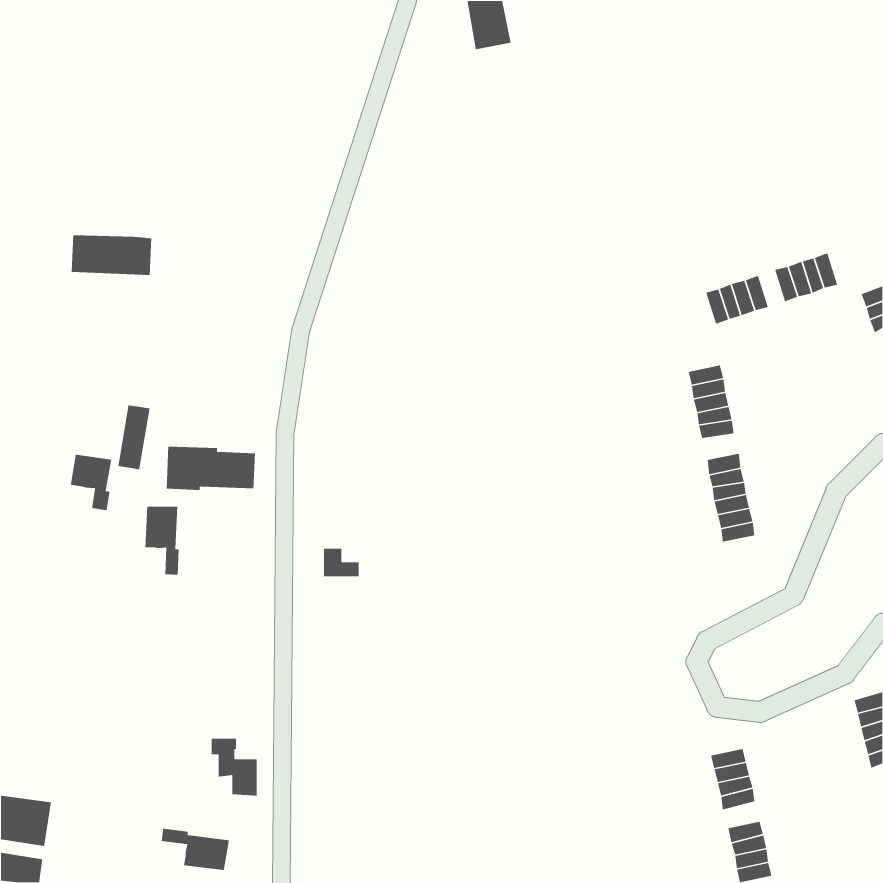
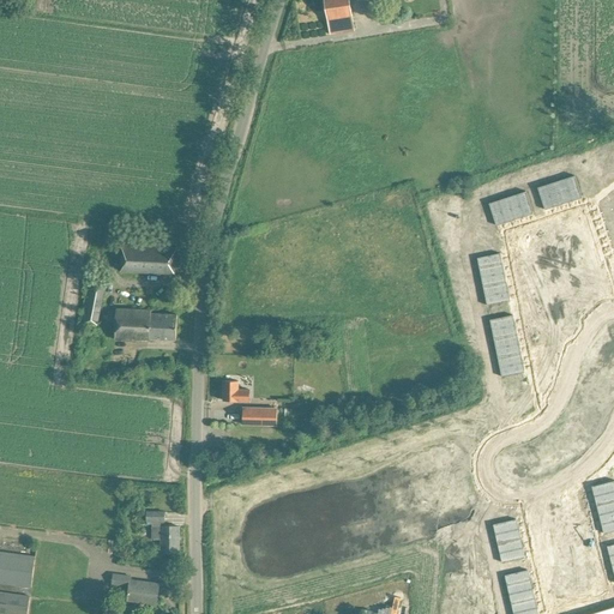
building: [71,234,152,276] -> [120,245,176,273]
building: [70,454,112,511] -> none
building: [145,506,179,576] -> none
building: none -> [242,408,277,426]

